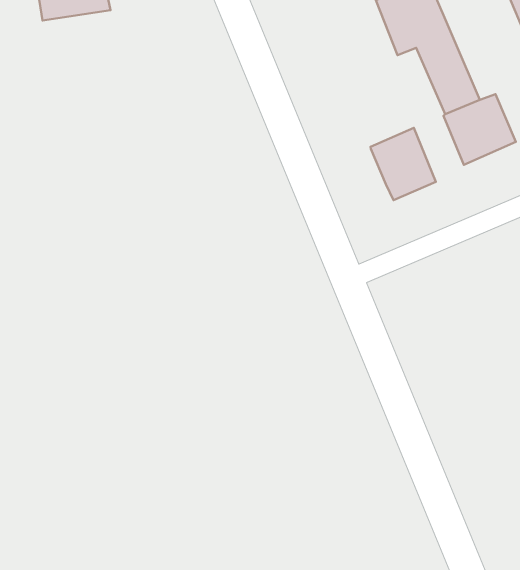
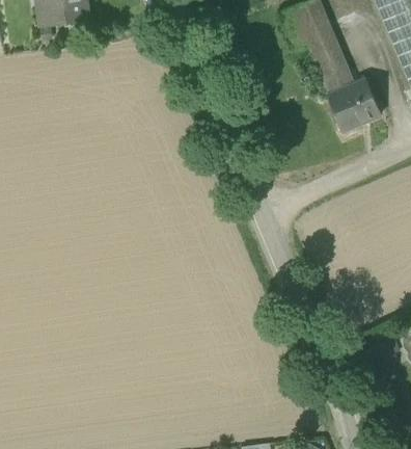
building: [371,128,436,200] -> none

